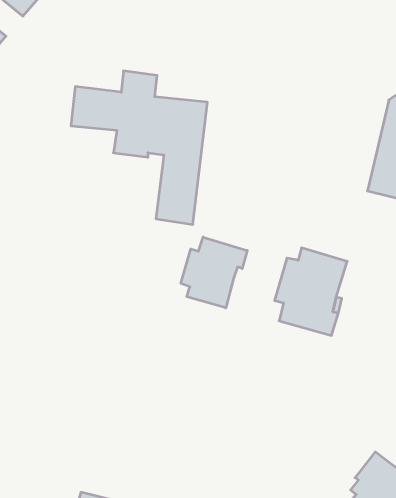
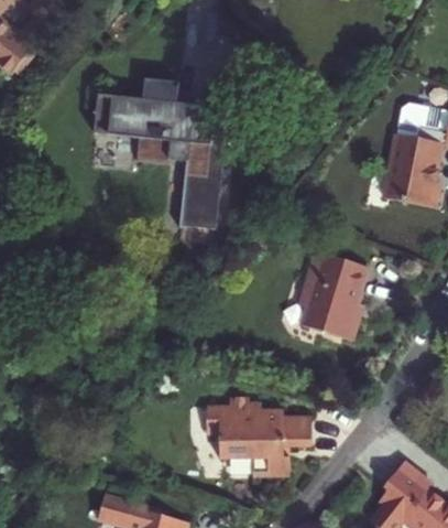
building: [181,237,247,308] -> none
building: none -> [206,394,314,475]

